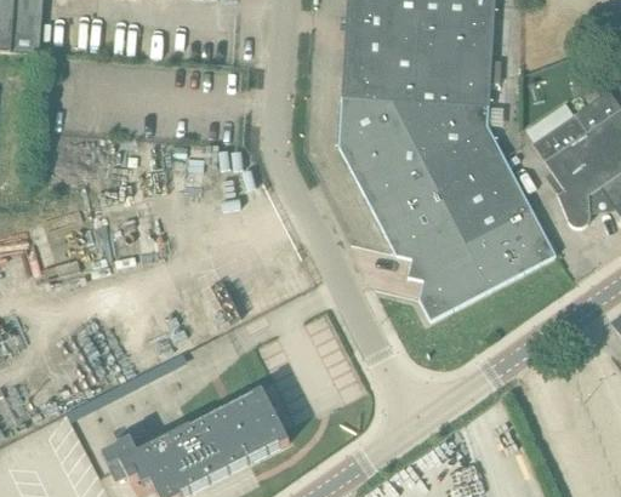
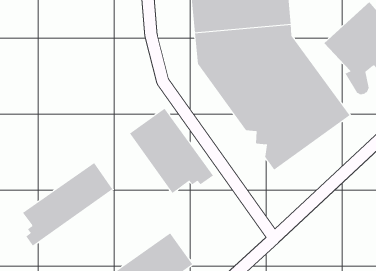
building: none -> [129,108,214,194]
building: none -> [22,162,113,246]

